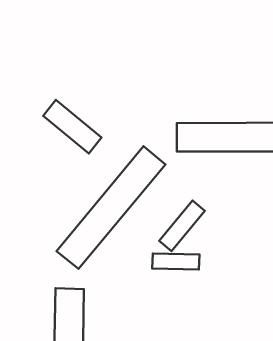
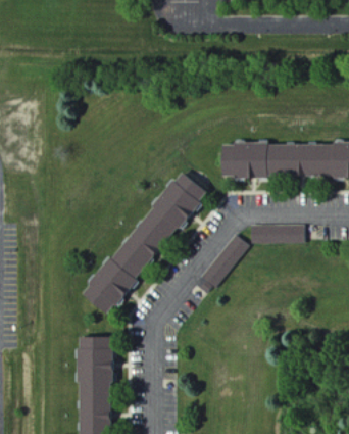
building: [43,100,102,154] -> none
building: [152,254,200,269] -> [251,226,306,244]

